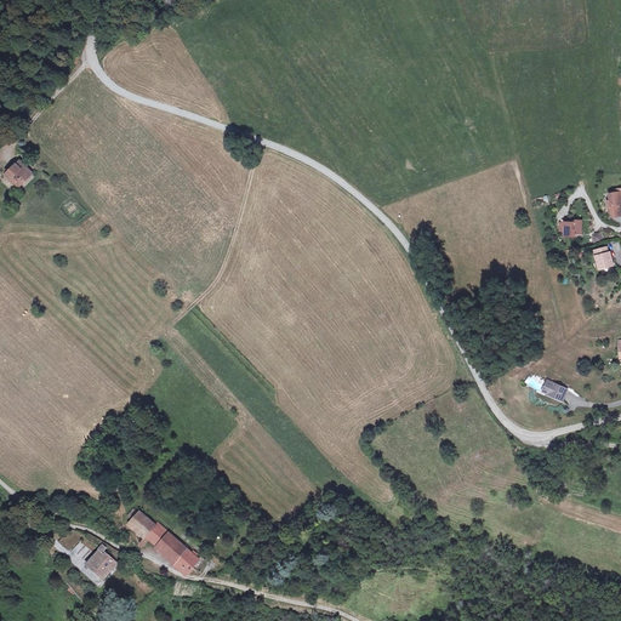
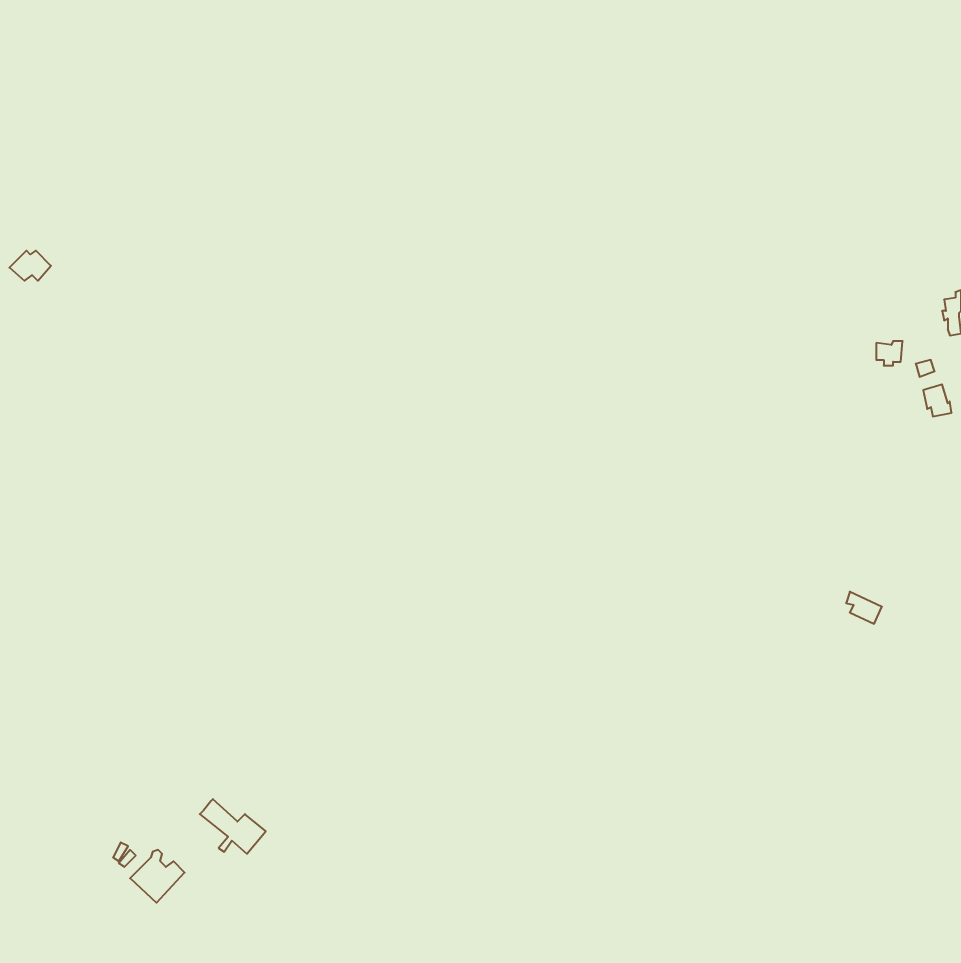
building: [159,535,201,574] -> none

